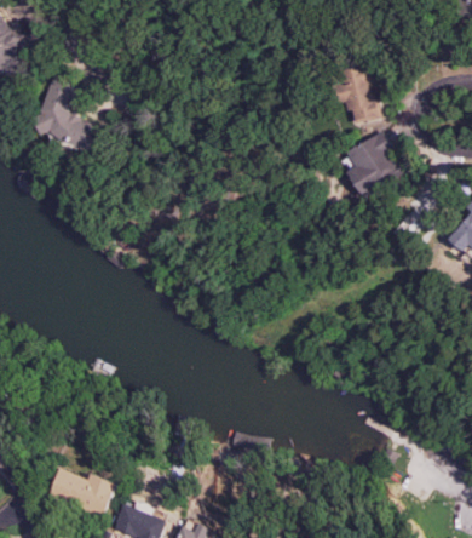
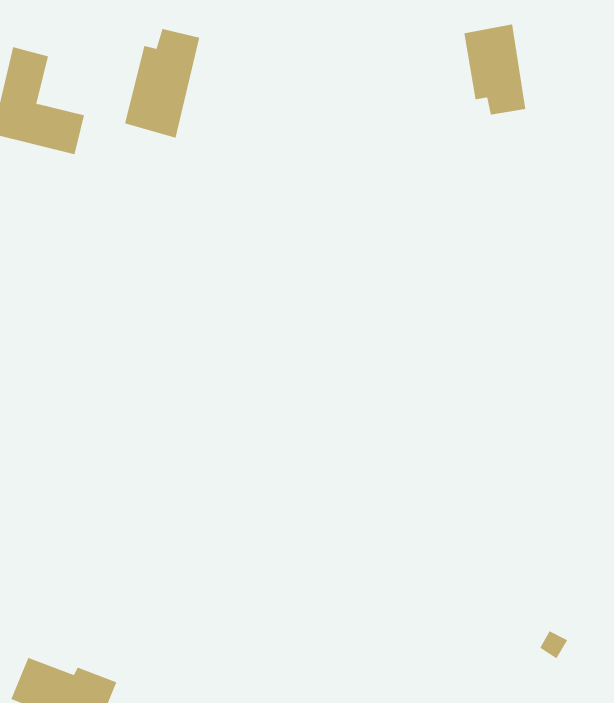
building: none -> [124,28,200,138]
building: [344,131,404,199] -> none

